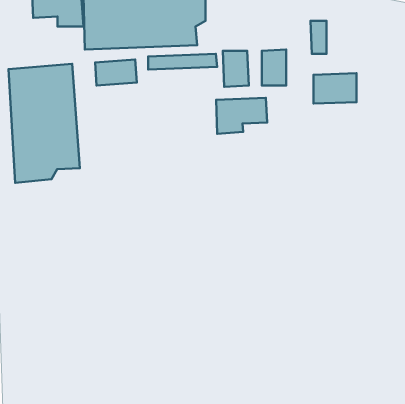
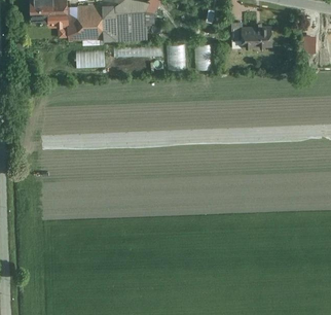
building: [8,64,80,183] -> none
building: [313,73,356,104] -> [242,25,272,46]
building: [216,98,267,134] -> none

